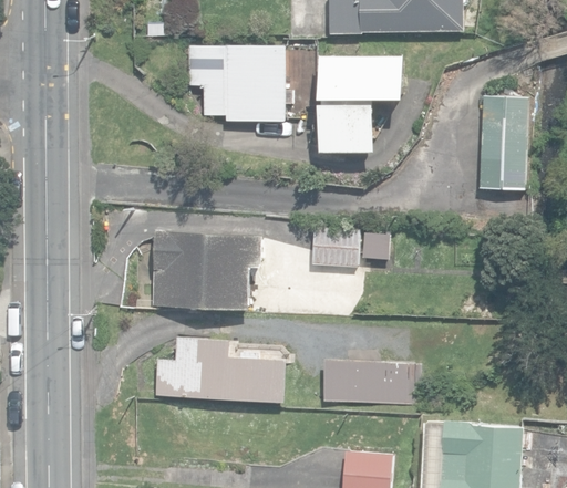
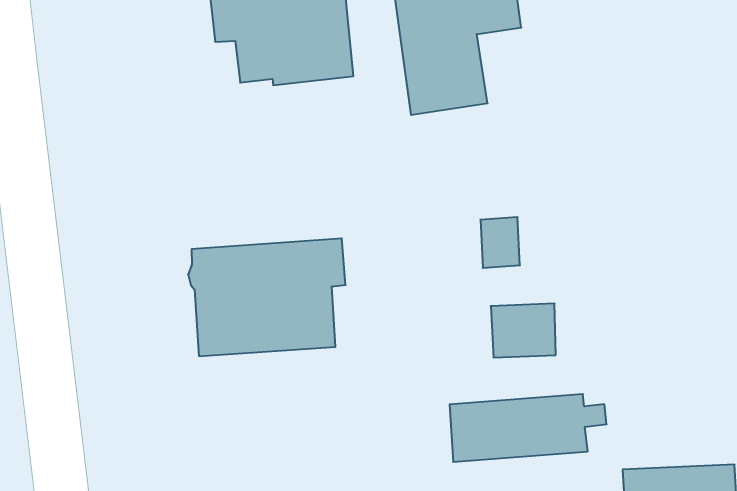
building: [478,98,527,191] -> none
building: [311,227,359,267] -> [491,304,556,357]
building: [154,336,287,403] -> none

